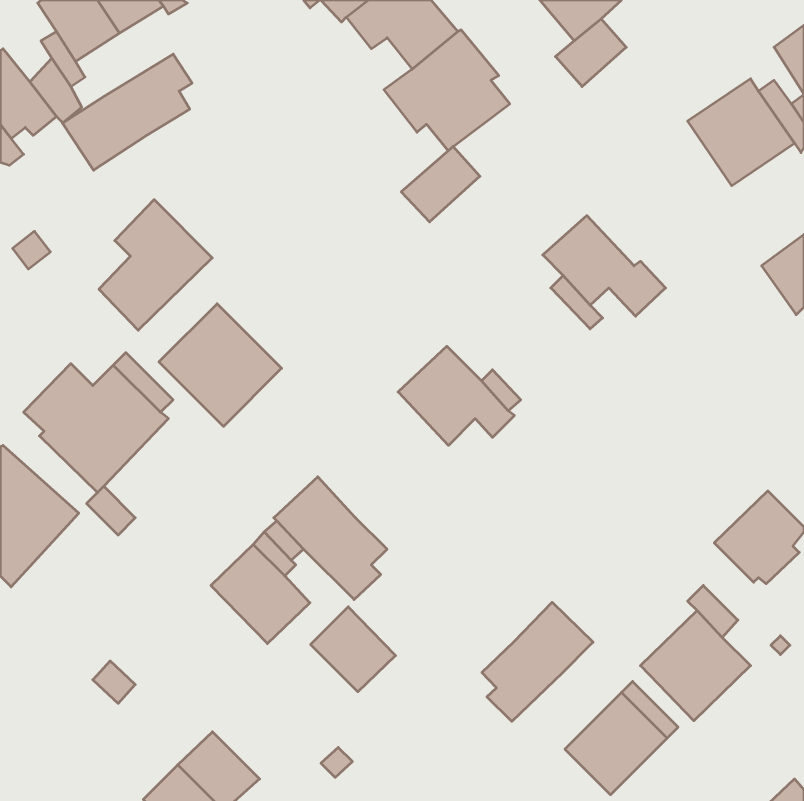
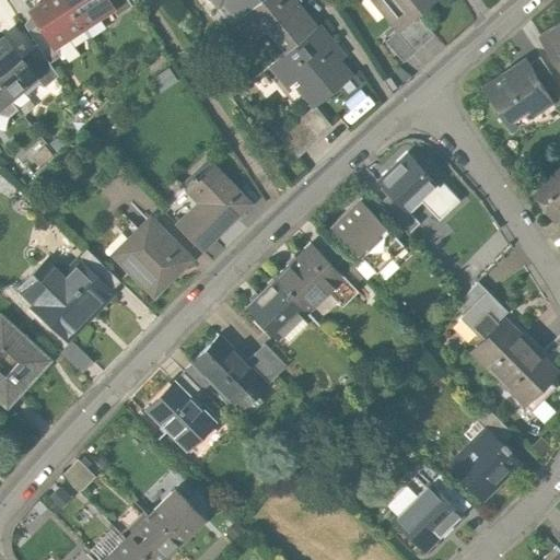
building: [62,54,192,170] -> none
building: [99,200,212,330] -> [175,162,254,253]
building: none -> [330,197,407,273]
building: none -> [244,275,312,342]
building: none -> [460,290,534,380]
building: none -> [247,343,288,384]
building: [482,602,593,721] -> none
building: [311,607,396,692] -> [148,485,207,544]

